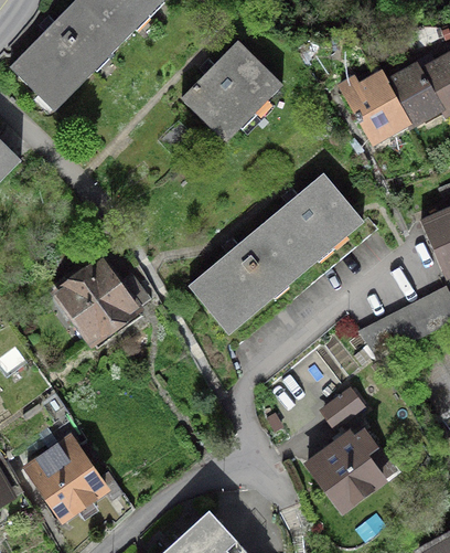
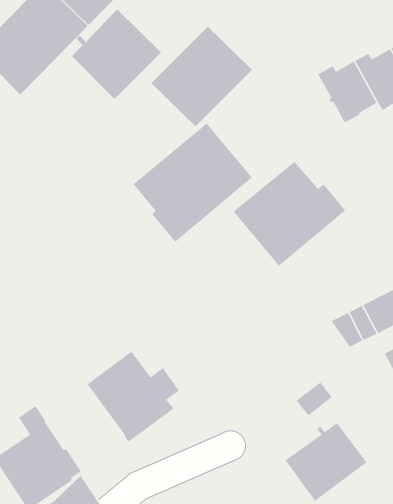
building: none -> [71,9,162,100]
building: [189,225,307,343] -> [132,122,253,243]
building: [55,258,147,349] -> [87,350,180,443]

